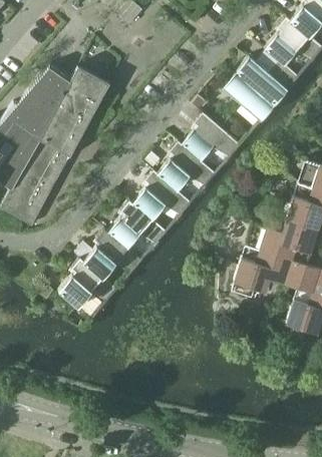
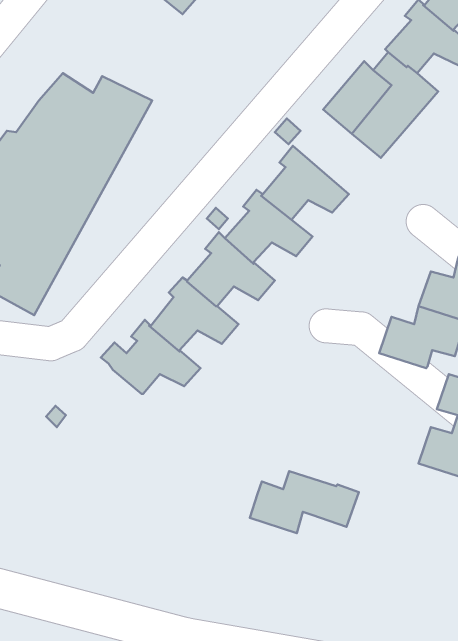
building: [234,252,306,293] -> [250,471,359,533]
building: [58,259,117,309] -> none

